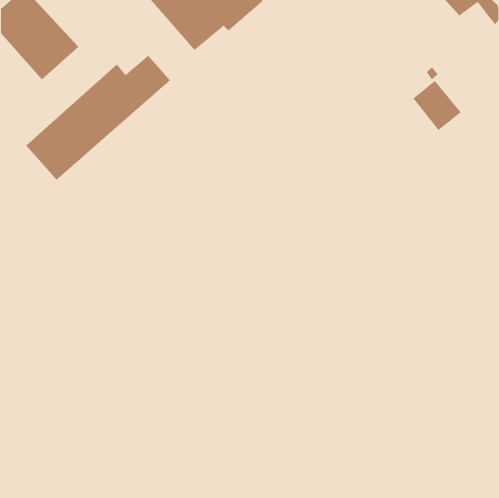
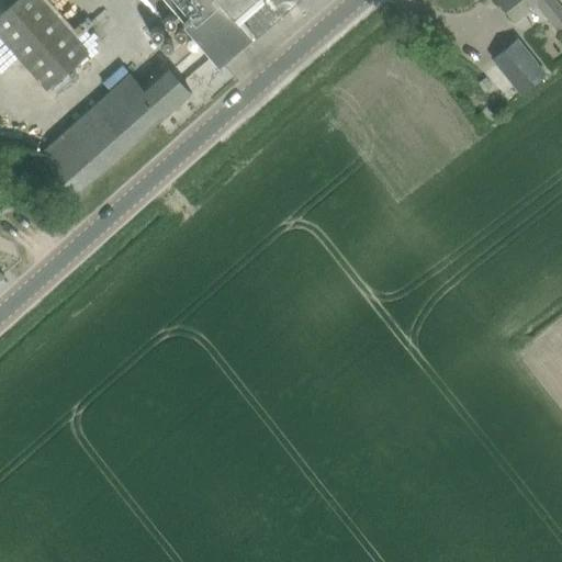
building: [413,80,461,131] -> [493,35,548,92]

